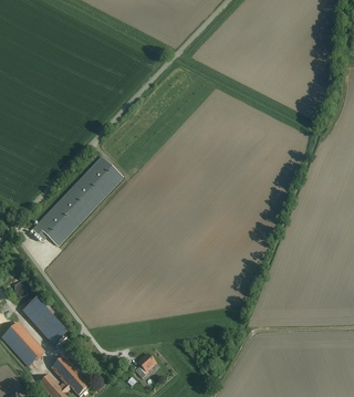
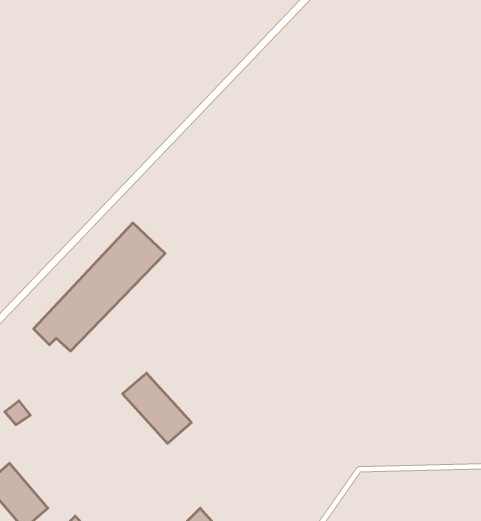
building: [20,294,67,343] -> [123,373,191,443]

